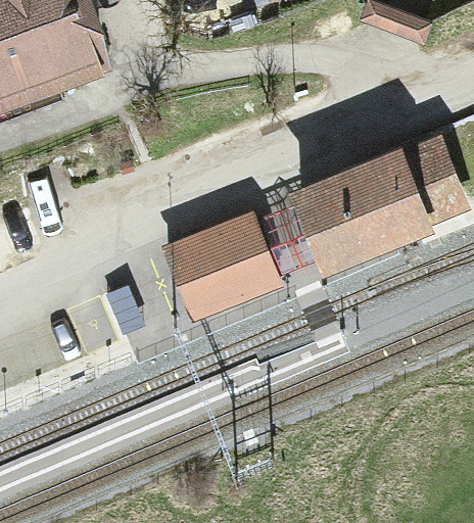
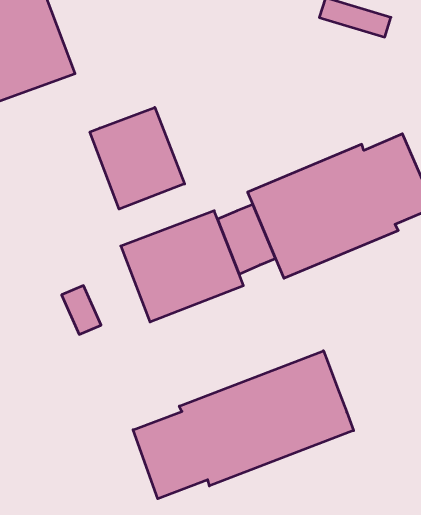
building: none -> [90,107,185,209]
building: none -> [133,351,354,499]

